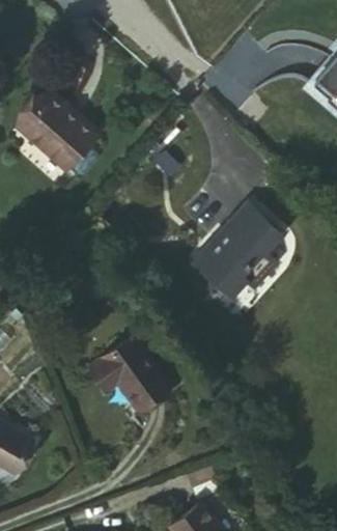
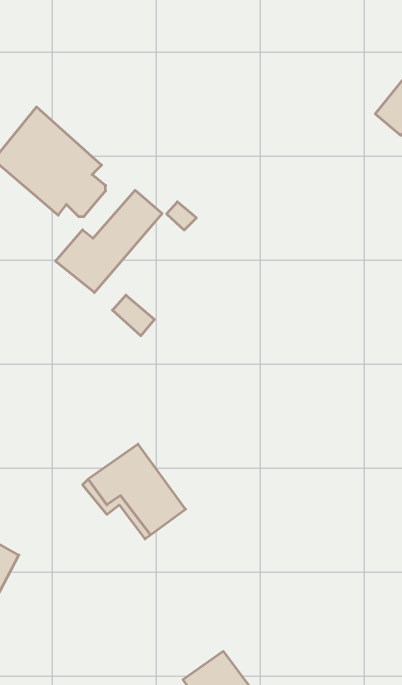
building: none -> [56,190,162,293]
building: [197,207,282,305] -> none

